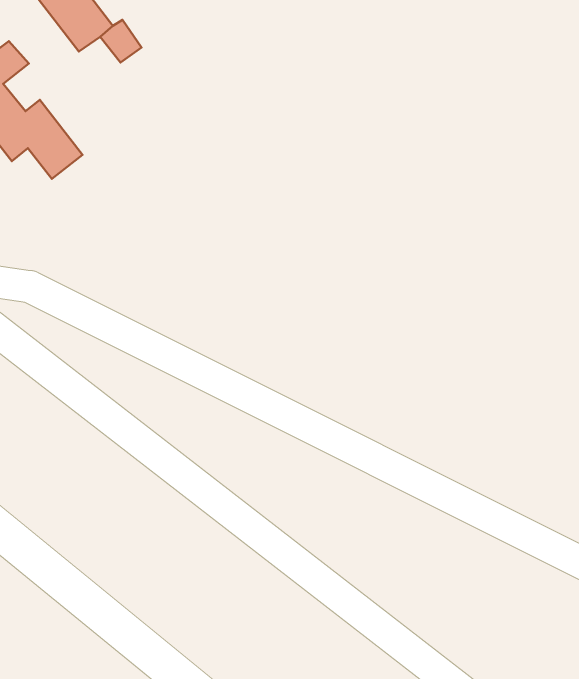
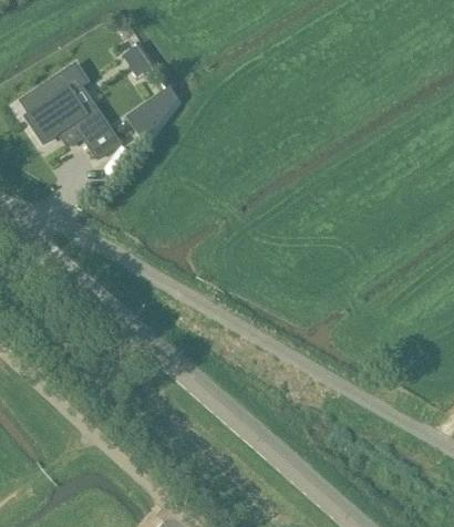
building: none -> [132,89,179,142]

